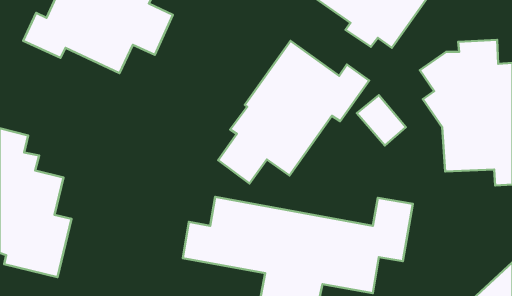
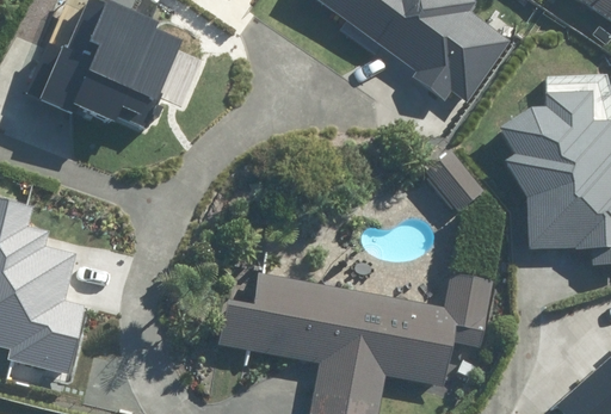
building: [218,41,369,184] -> none

